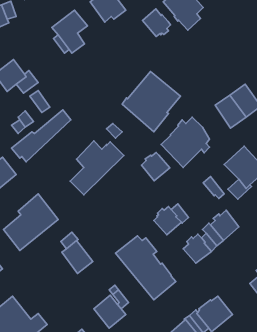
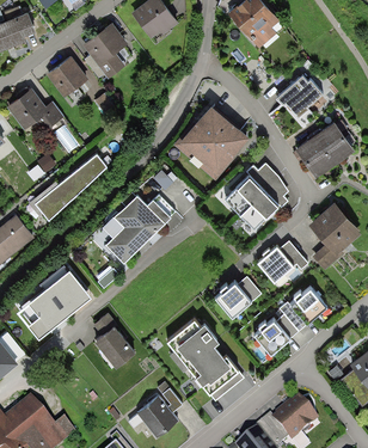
building: [142,9,171,36] -> none
building: none -> [45,55,88,97]
building: none -> [275,74,323,118]
building: [142,152,170,181] -> [257,245,294,282]

